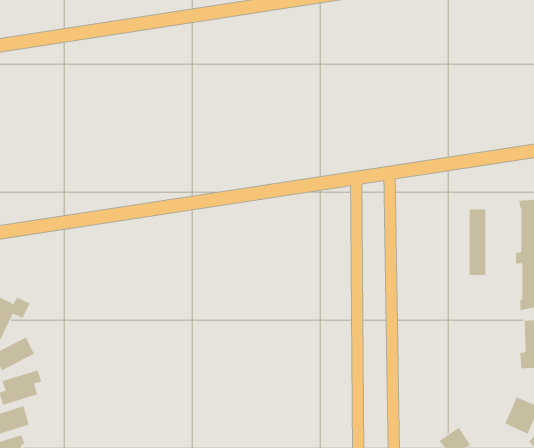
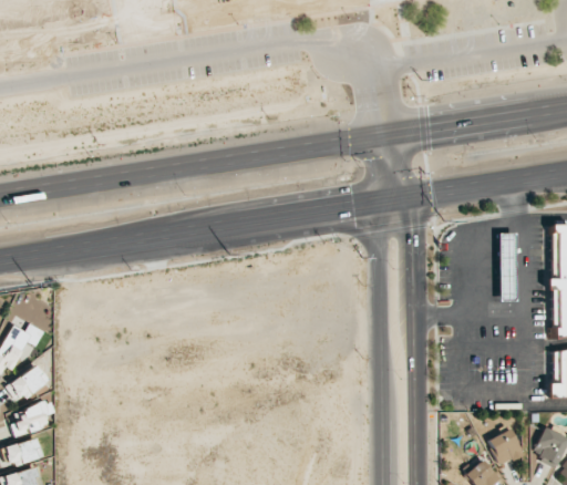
building: none -> [492,429,526,465]

